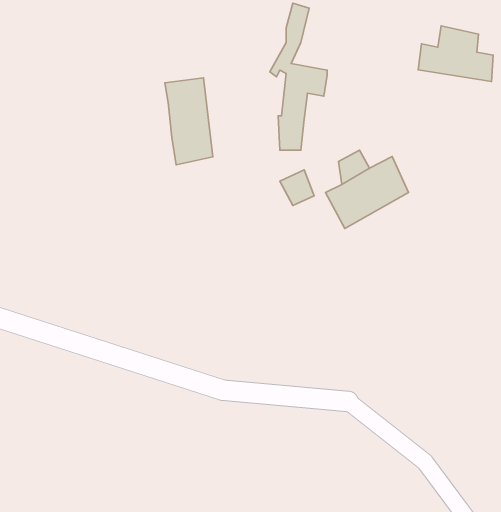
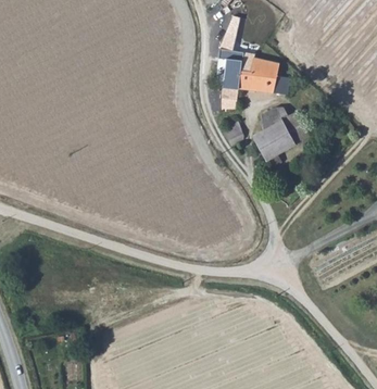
building: [418,26,493,81] -> [238,59,288,96]
building: [165,78,213,165] -> none

